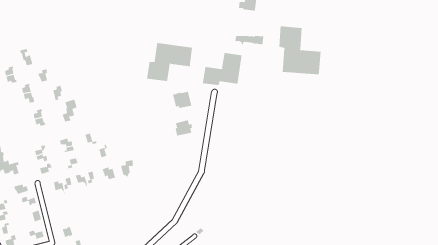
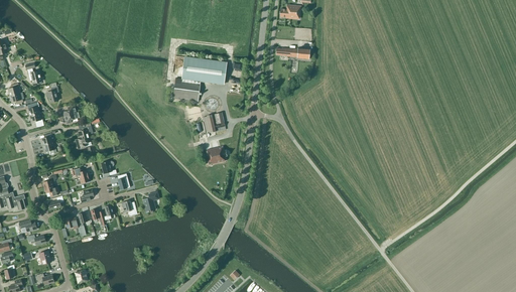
building: [279,25,321,75] -> none
building: [202,52,242,86] -> none

